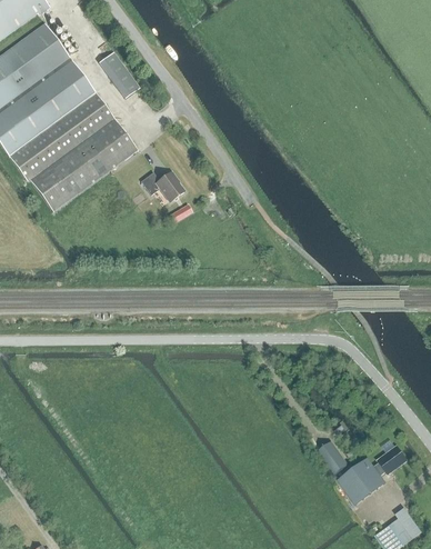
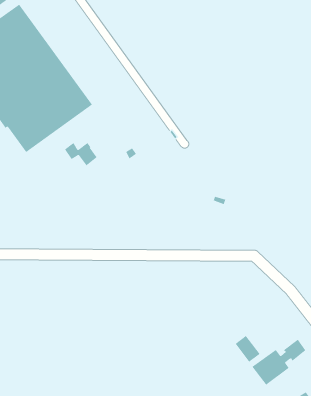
building: [98,51,138,98] -> none
building: [141,171,183,201] -> [64,142,98,166]

